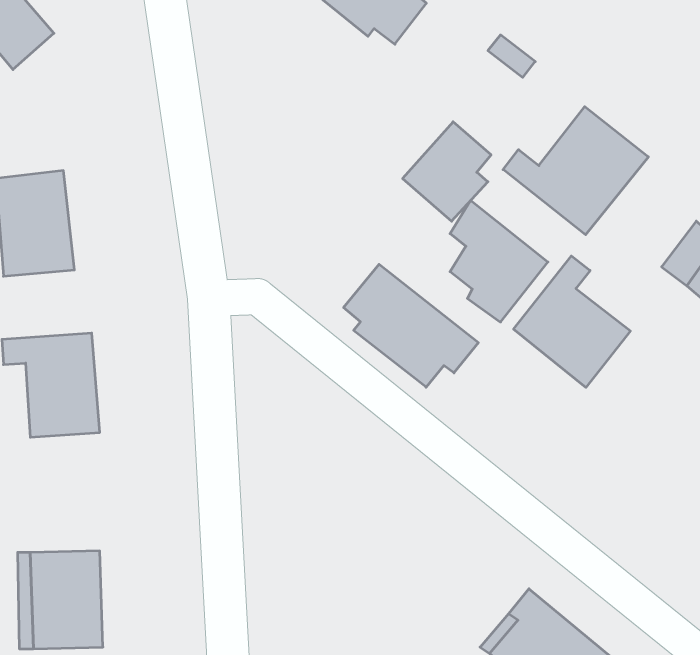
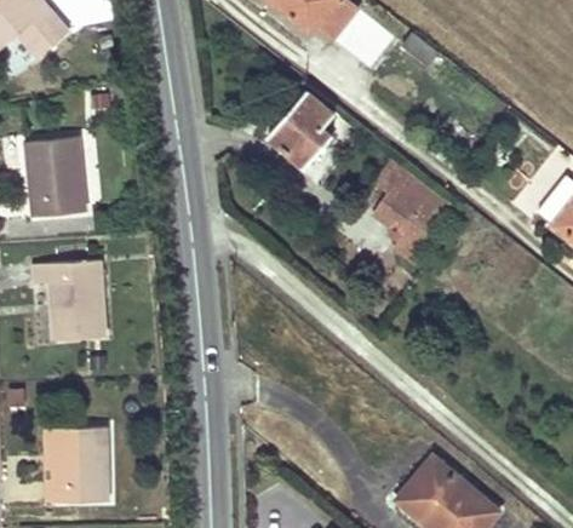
building: [503,107,648,235] -> none
building: [403,122,491,221] -> [268,91,336,167]
building: [514,256,630,387] -> none
building: [344,264,478,387] -> none

